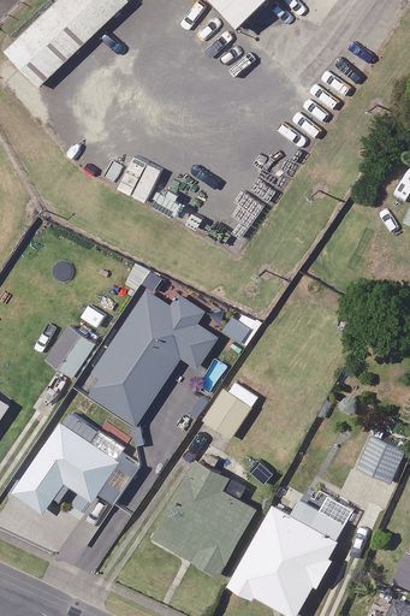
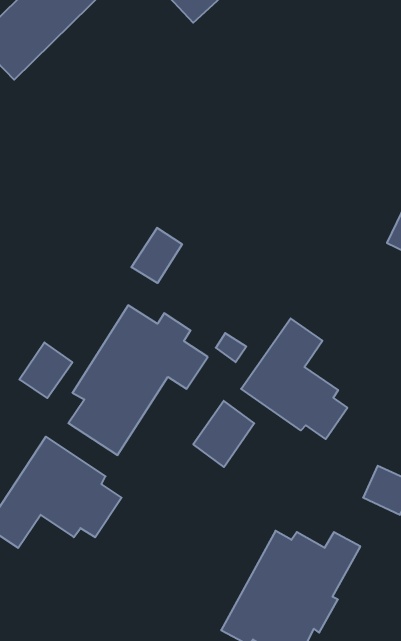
building: none -> [131,228,182,283]
building: none -> [241,318,347,439]
building: [153,460,255,574] -> none

